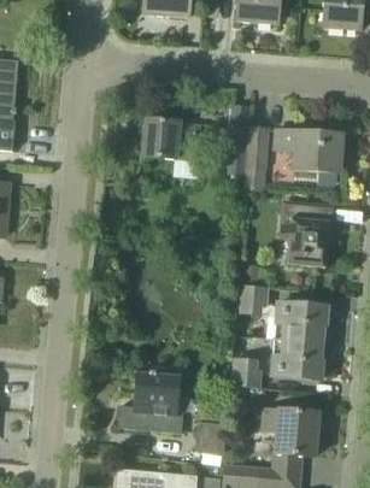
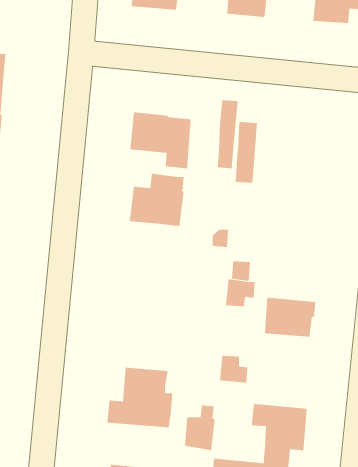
building: [275,129,341,172] -> none
building: none -> [129,173,184,227]
building: [287,200,329,267] -> none
building: [271,339,322,378] -> none

